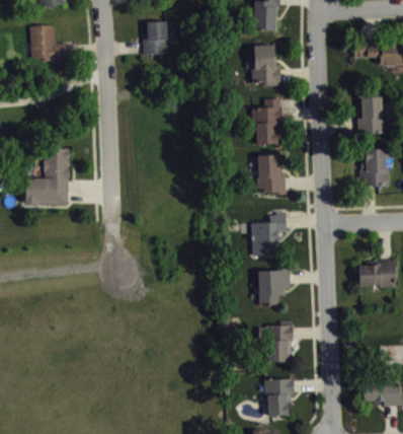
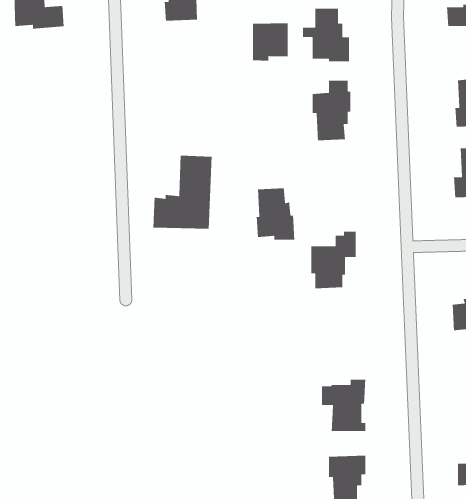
building: none -> [252,23,289,62]
building: [25,148,70,204] -> [153,155,212,230]
building: [257,154,287,194] -> [256,188,295,240]
building: [258,268,291,305] -> none

